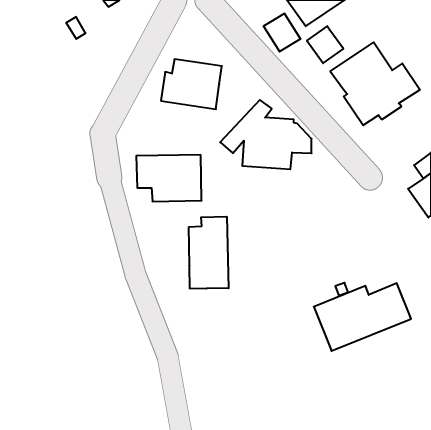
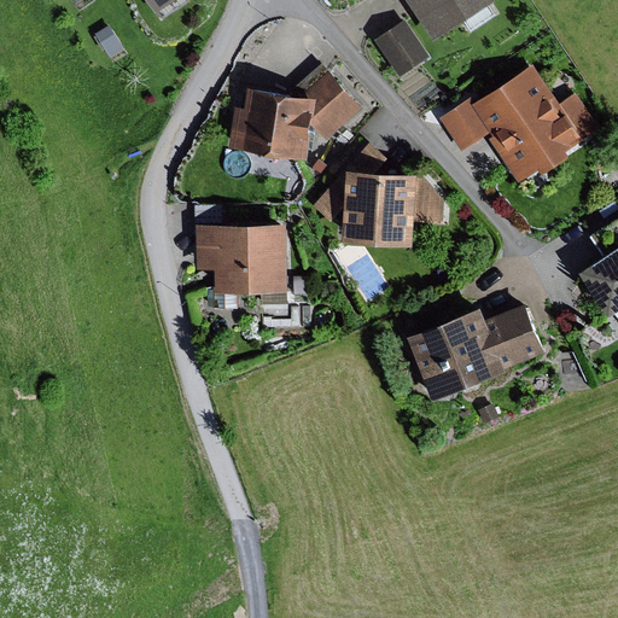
building: [307,26,343,63] -> [438,99,490,152]
building: none -> [291,66,361,140]
building: [189,217,229,289] -> none
building: [314,283,411,351] -> [408,304,547,401]

